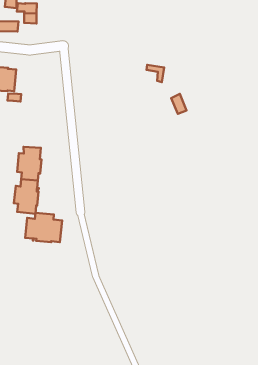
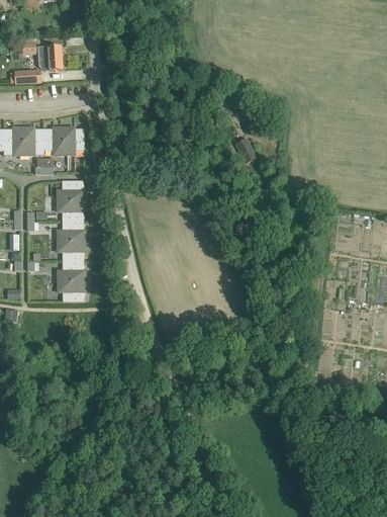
building: none -> [44,126,85,154]
building: none -> [57,179,85,221]
building: [25,213,62,242] -> none

